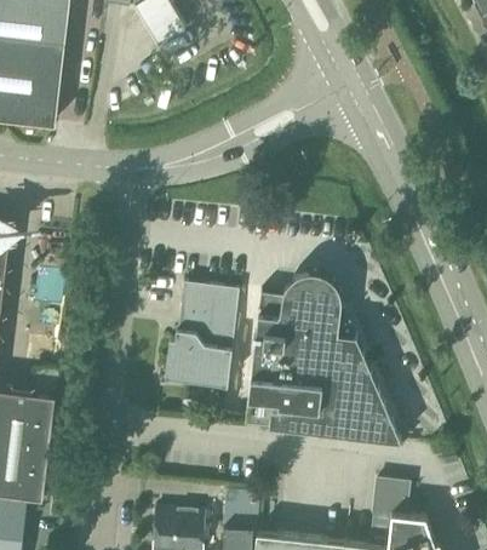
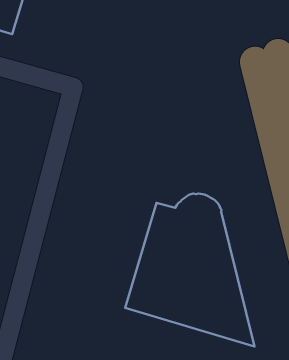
building: [165,285,239,388] -> none

